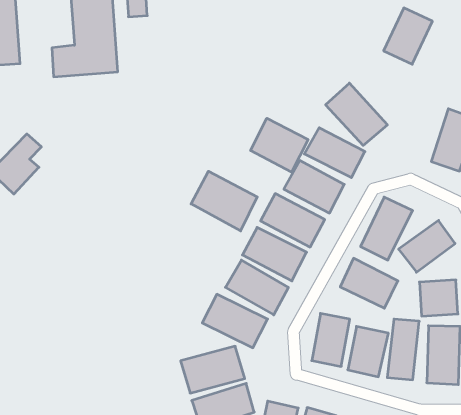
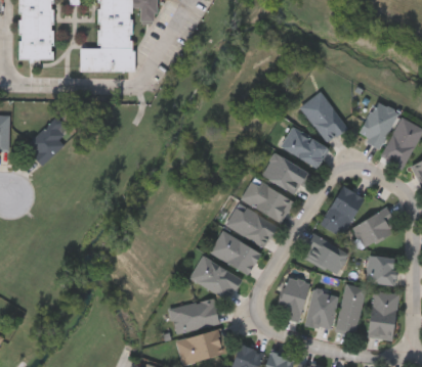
building: [384,8,432,64] -> [357,101,398,147]
building: [251,118,308,172] -> none
building: [191,171,257,231] -> none

